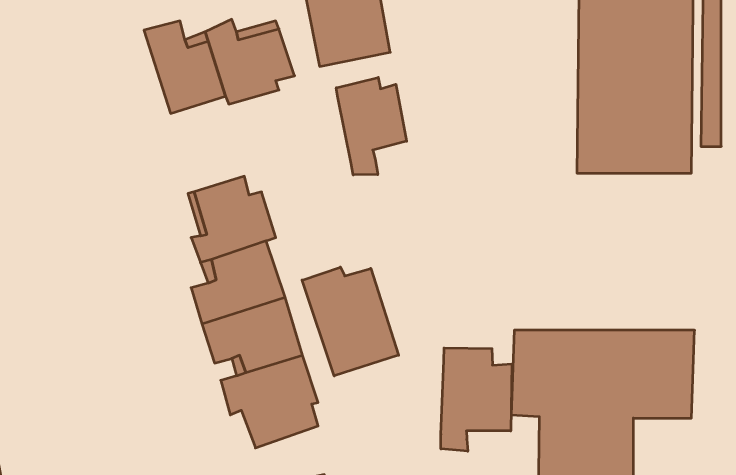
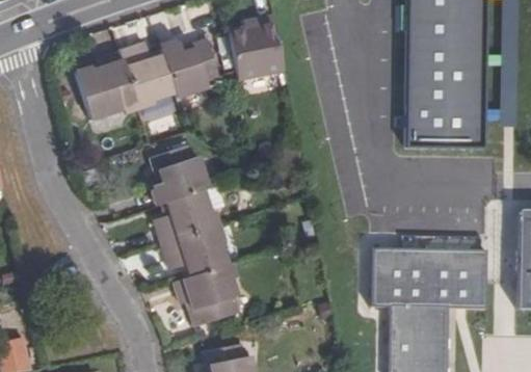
building: none -> [78,50,139,117]
building: [336,77,407,175] -> none
building: [302,267,399,376] -> none
building: [441,348,512,451] -> none

